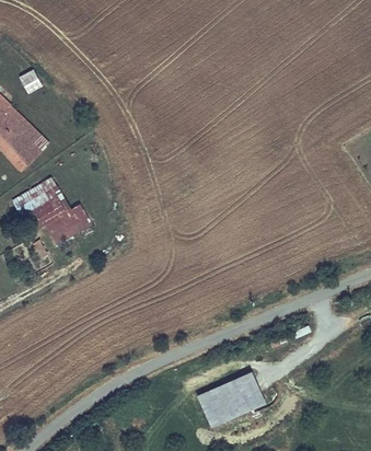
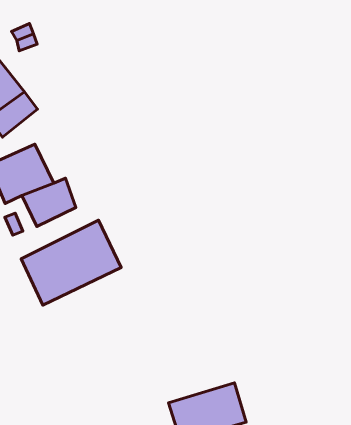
building: none -> [21,220,121,305]

